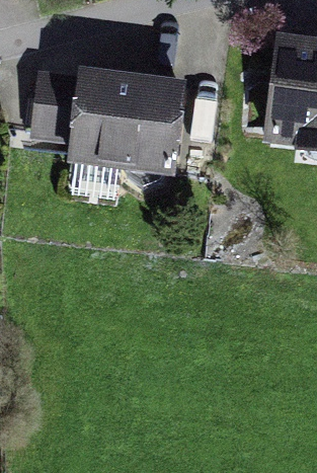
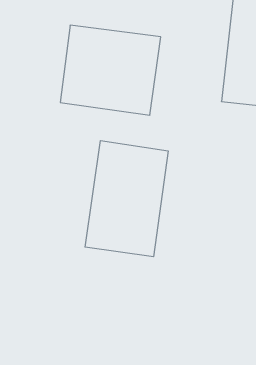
building: none -> [85,141,168,257]

